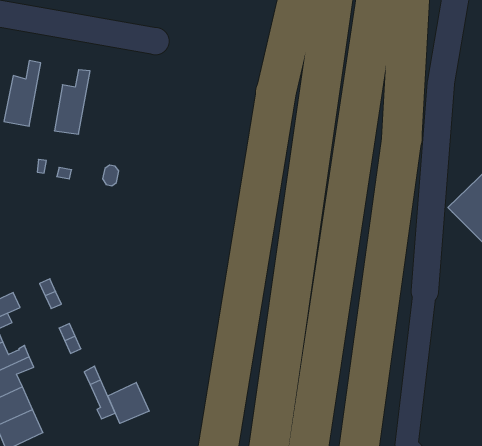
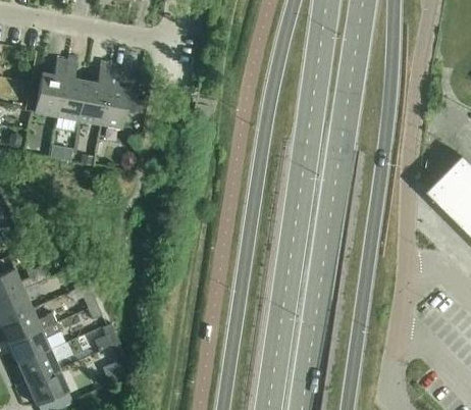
building: none -> [55,60,85,120]
building: none -> [99,67,137,127]
building: [108,382,149,423] -> none

